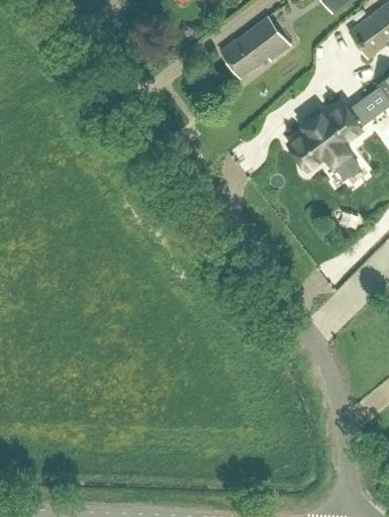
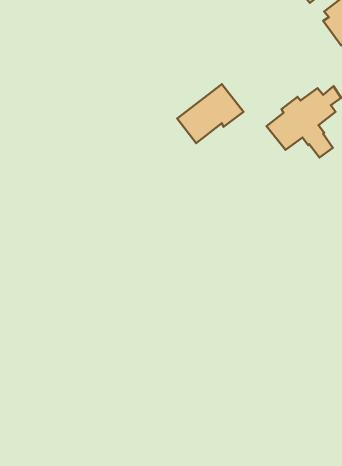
building: [221,15,292,78] -> [177,84,244,143]

